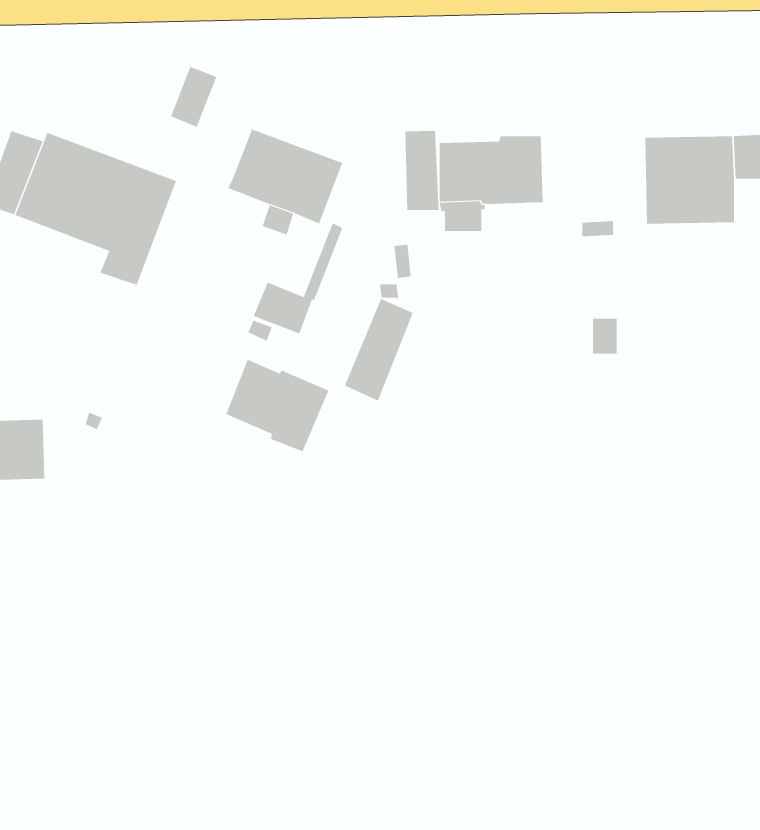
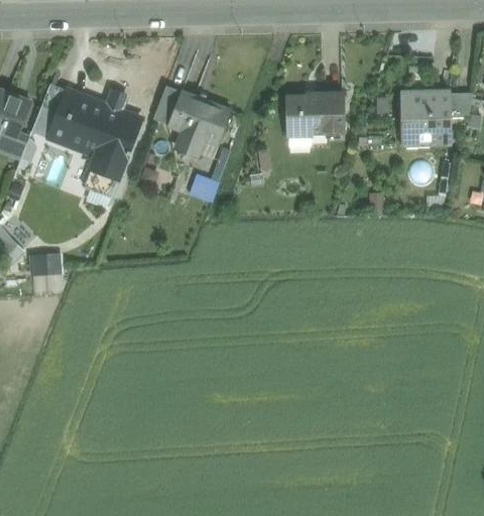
building: [170,66,217,127] -> [154,84,180,118]
building: [405,130,439,211] -> none
building: [344,298,414,402] -> none
building: [225,359,329,452] -> none

